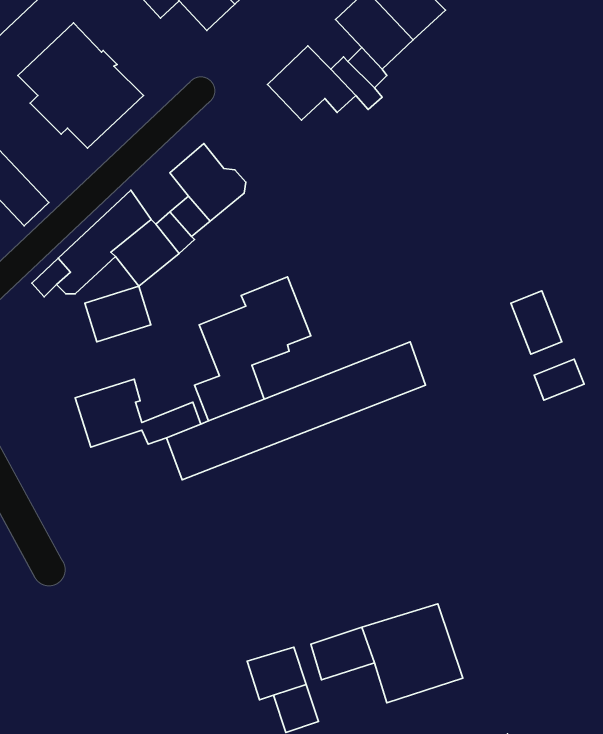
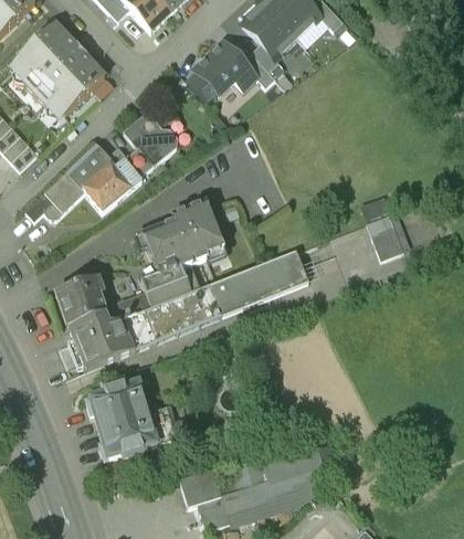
building: [85,286,151,342] -> none
building: [534,359,584,400] -> none
building: none -> [67,315,133,370]
building: none -> [86,383,178,462]
building: none -> [221,480,278,525]

